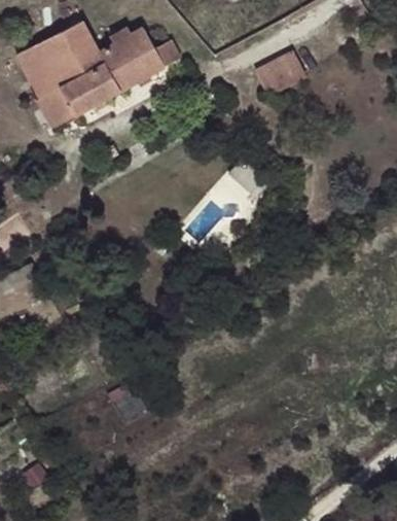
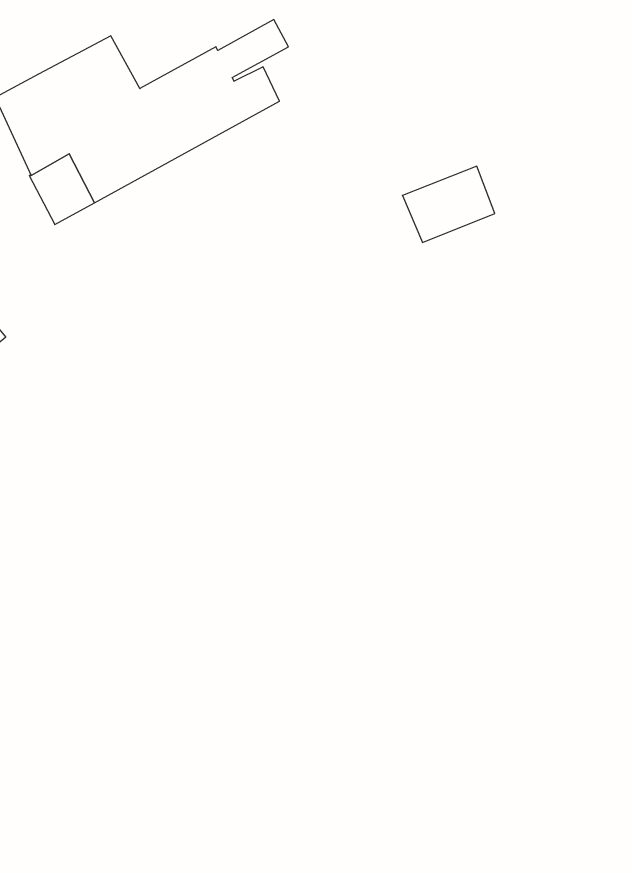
building: [256,48,309,92] -> [402,166,495,242]

